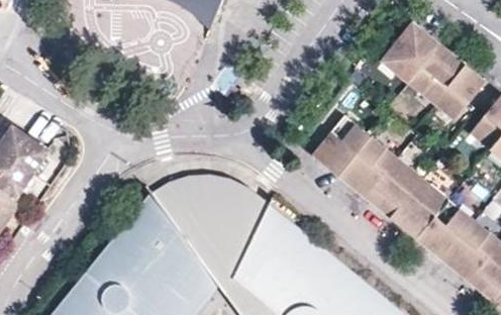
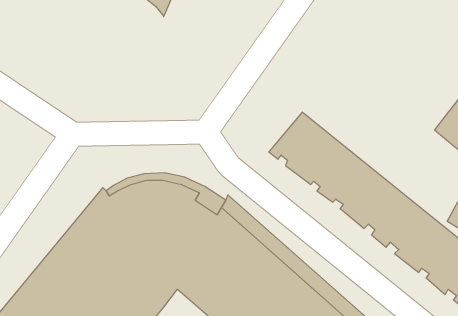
building: [380,21,485,120] -> none

